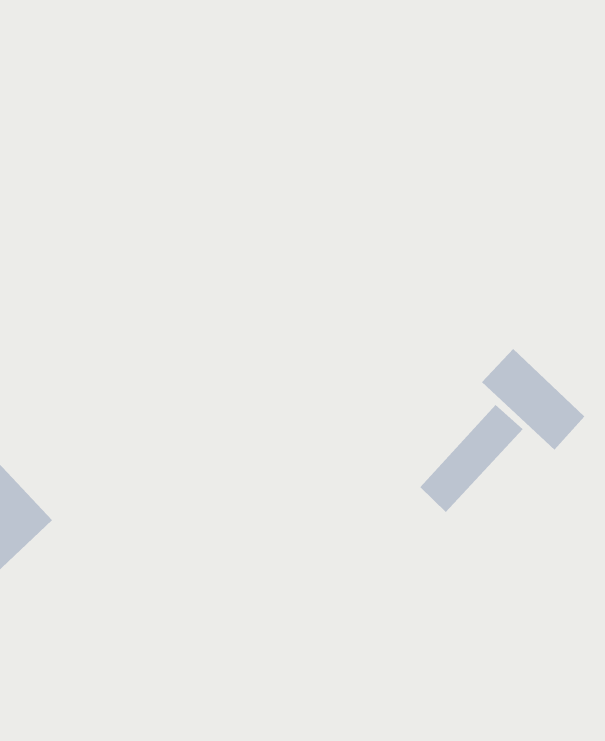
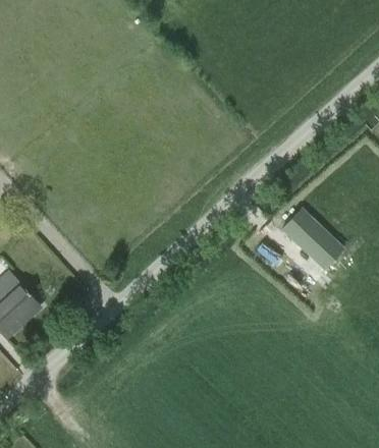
building: [420,404,523,513] -> none

